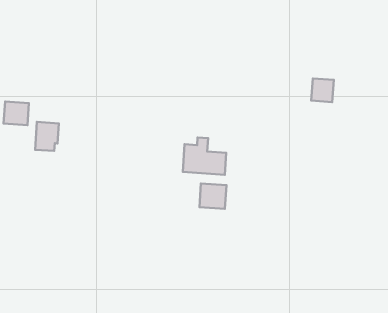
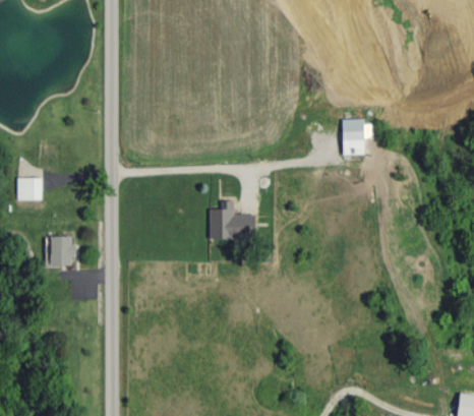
building: [35,122,59,151] -> [51,236,74,265]
building: [199,184,227,209] -> none

